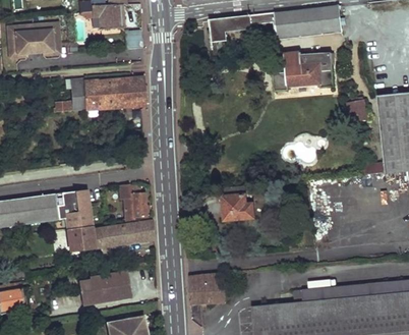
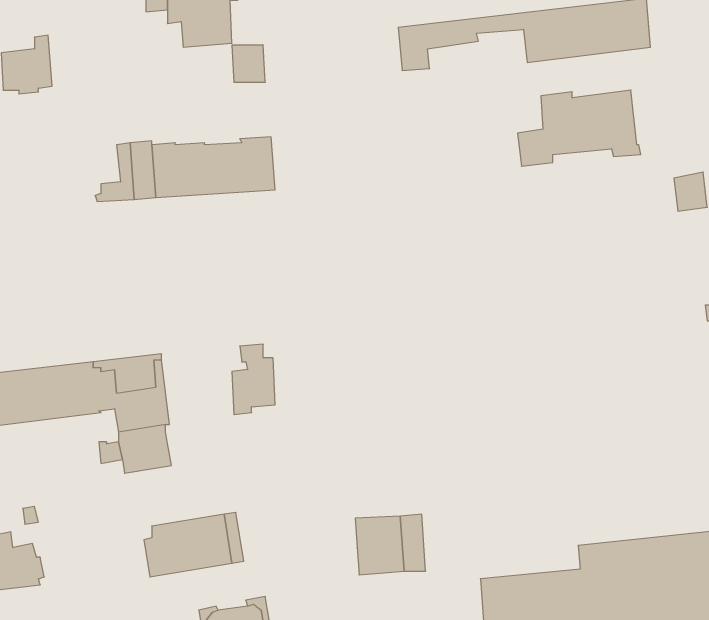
building: [26,24,54,53] -> none
building: [220,186,252,221] -> none
building: [87,221,152,248] -> none

